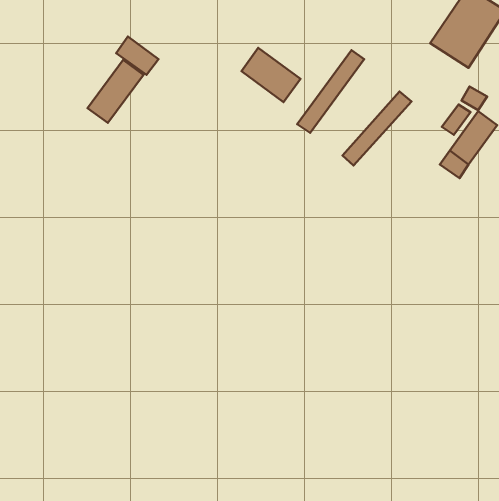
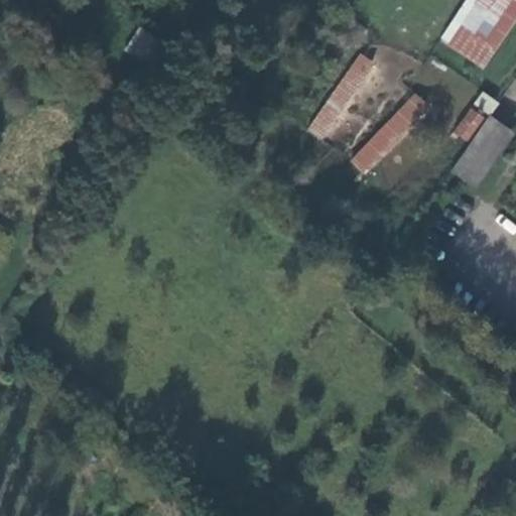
building: [241,48,300,102] -> none
building: [88,60,144,123] -> none

